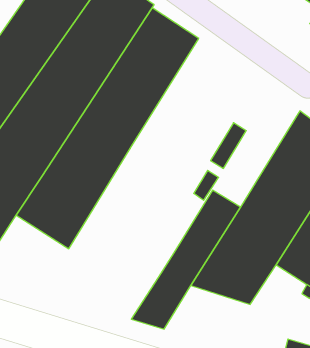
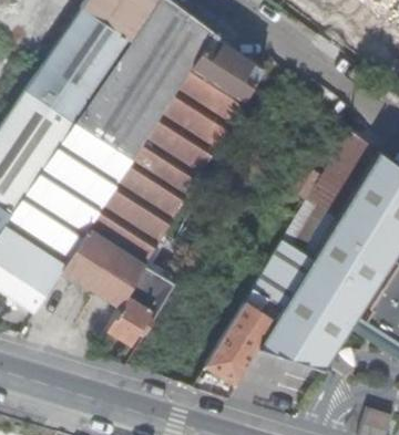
building: none -> [279,131,377,260]
building: none -> [104,269,172,343]

